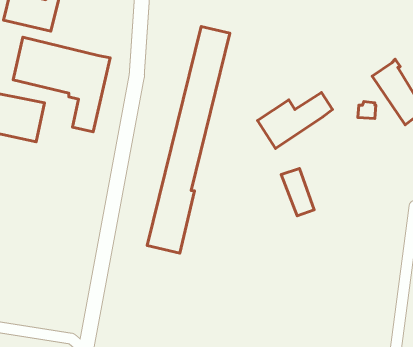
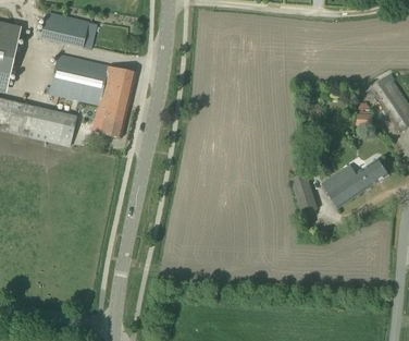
building: [147,26,230,253] -> none
building: [257,93,333,148] -> [322,158,389,208]

